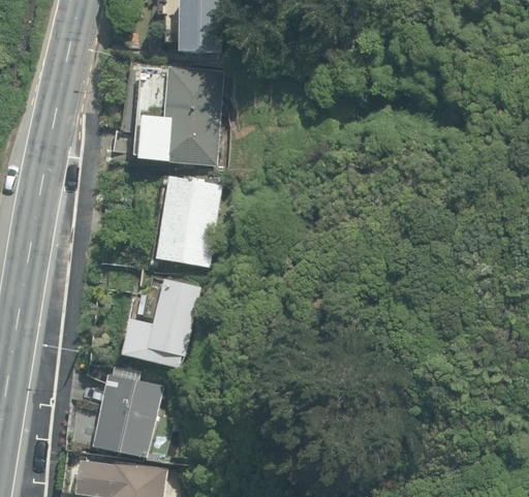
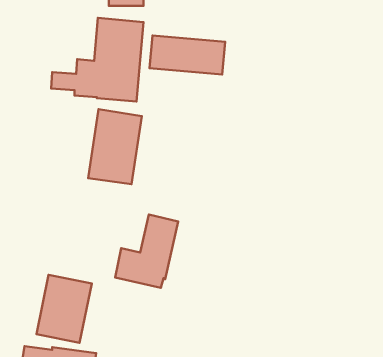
building: none -> [149,35,225,75]
building: [123,278,198,366] -> [115,214,178,288]

